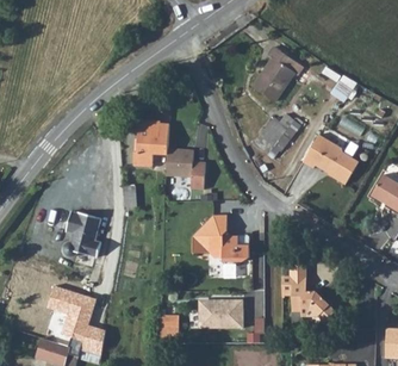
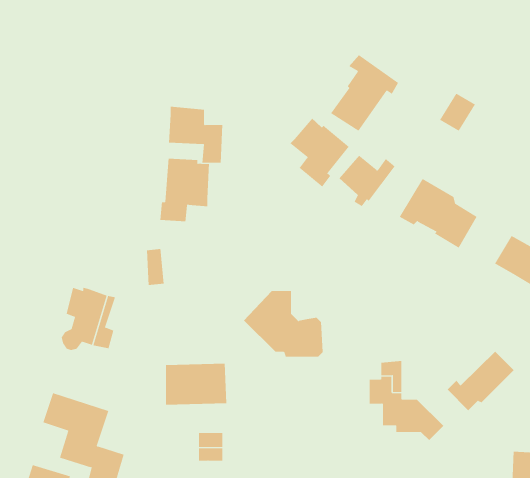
building: none -> [289,118,349,187]
building: [166,148,205,188] -> [168,106,223,163]
building: none -> [447,351,515,411]
building: [199,298,243,328] -> [165,363,227,405]

